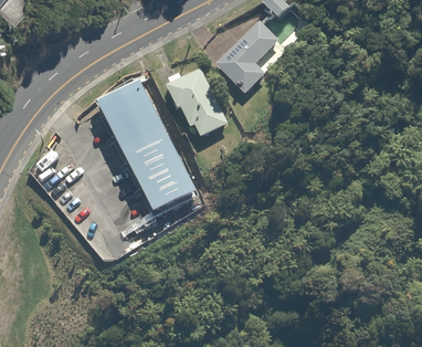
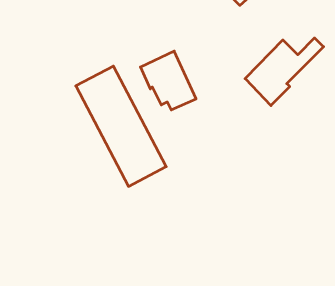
building: [215,18,303,93] -> [245,38,324,106]

